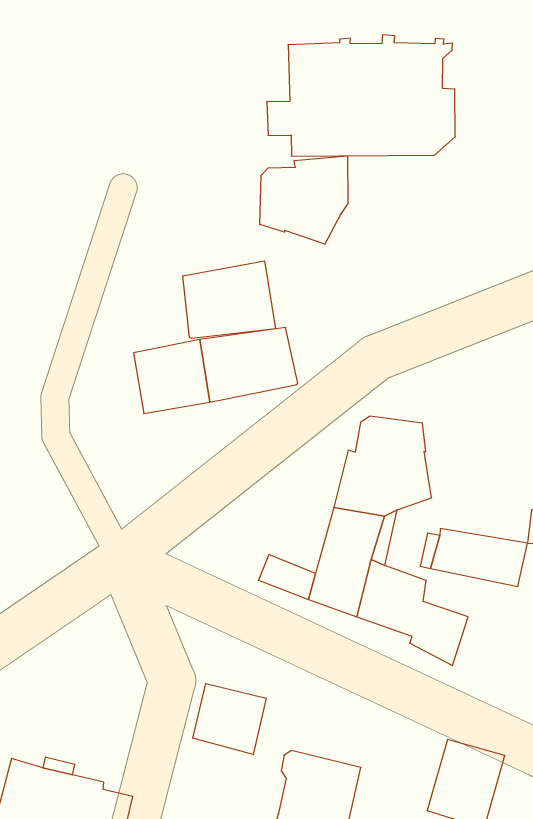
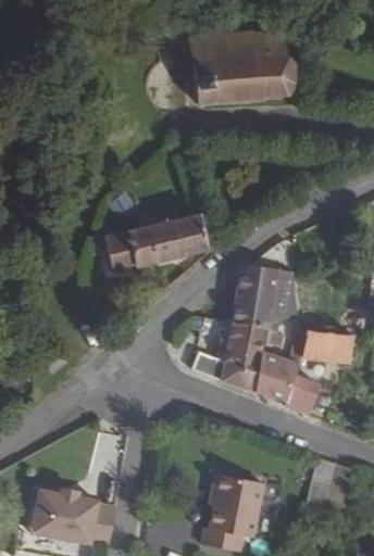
building: [260,156,348,244] -> none
building: [183,261,275,338] -> none
building: [193,683,266,755] -> none

